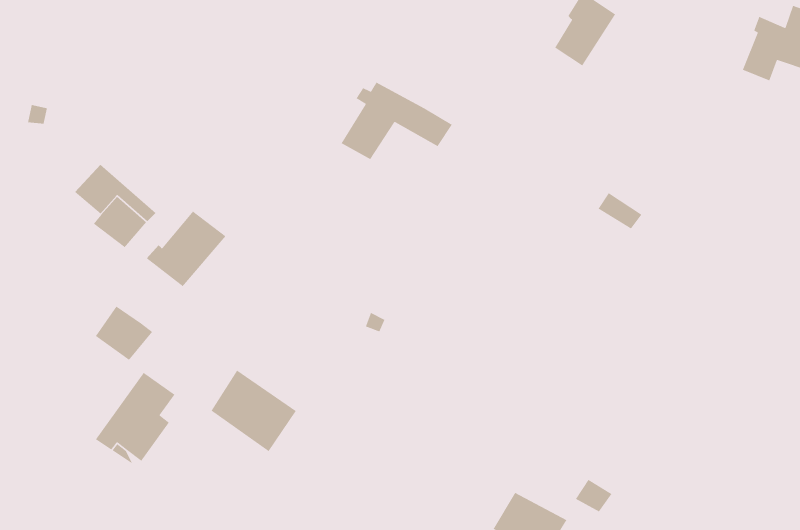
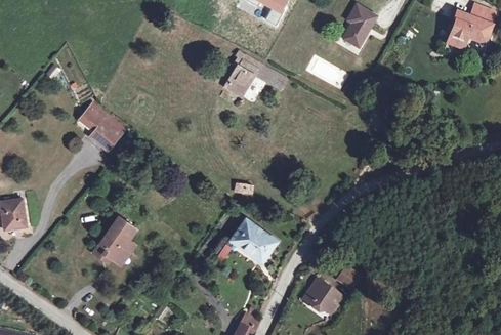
building: [146,211,227,287] -> none
building: [95,306,153,361] -> none
building: [211,370,297,452] -> [228,216,276,261]

